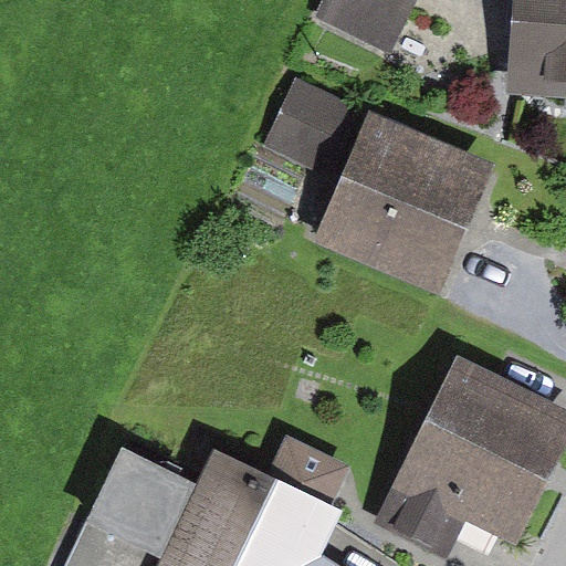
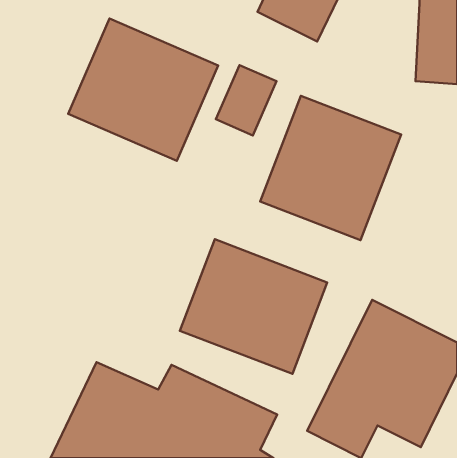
building: none -> [68,19,218,161]
building: none -> [180,239,327,374]

